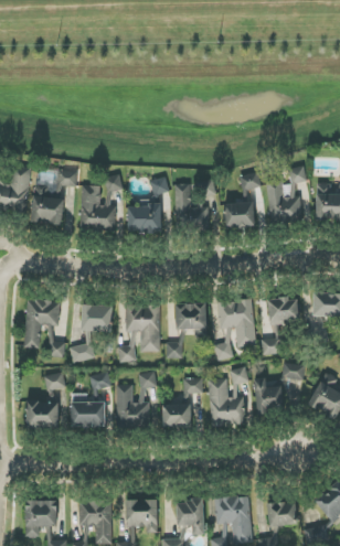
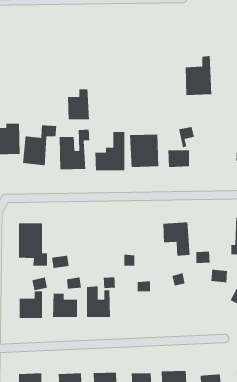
building: none -> [67,88,90,120]
building: [267,167,304,221] -> [185,55,212,96]
building: [267,298,299,324] -> none
building: [174,302,208,336] -> none
building: [81,304,113,332] -> none
building: [118,304,160,363] -> none
building: [214,328,236,361] -> none
building: [208,378,244,424] -> none
building: [255,378,283,410] -> none
building: [162,404,191,428] -> none

